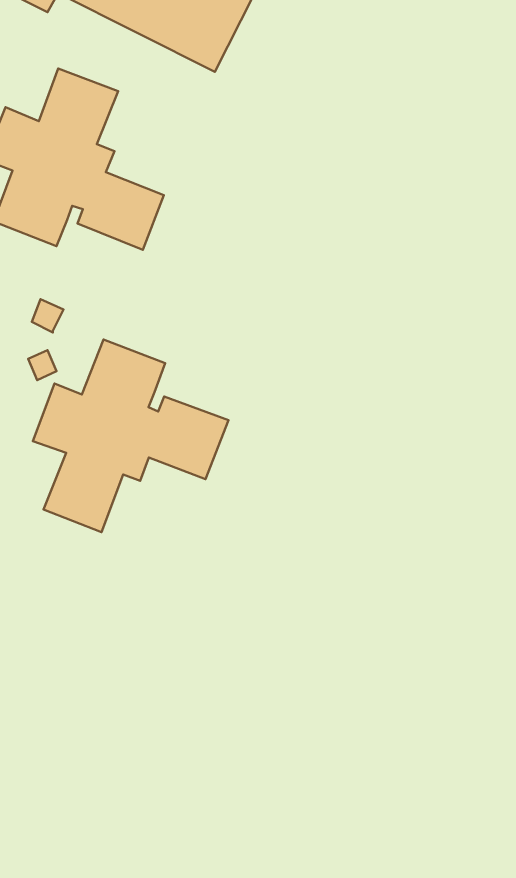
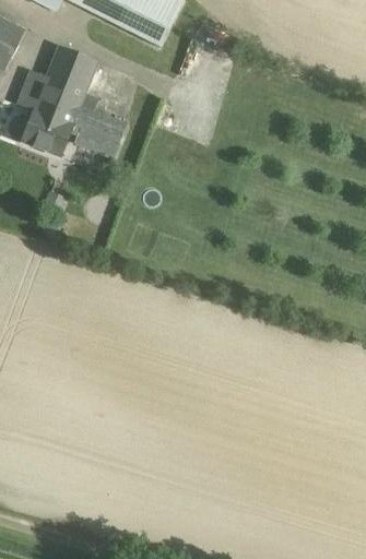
building: [33,339,228,532] -> none

